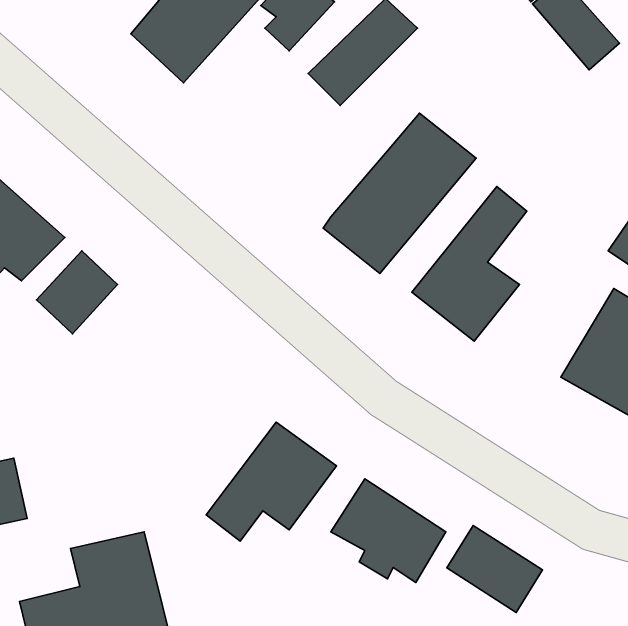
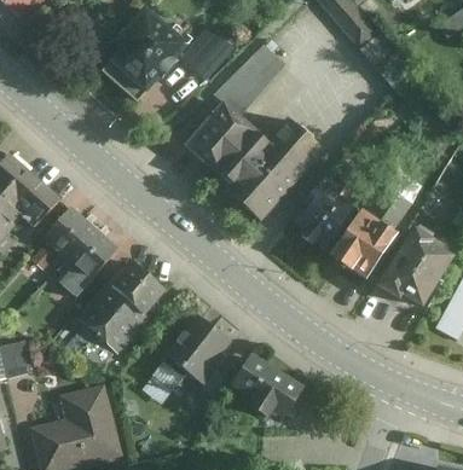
building: none -> [184,100,266,182]
building: none -> [328,214,395,285]
building: none -> [57,226,116,294]
building: none -> [48,256,164,369]
building: [447,525,543,612] -> none

